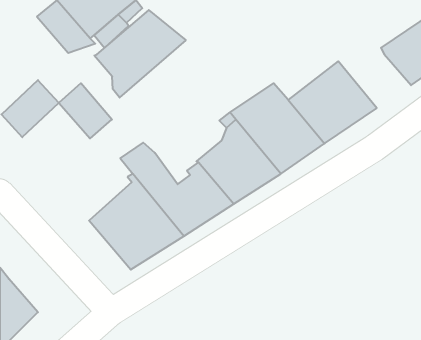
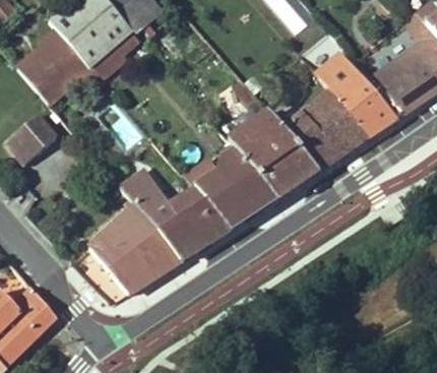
building: [94,10,186,98] -> none
building: none -> [316,53,402,135]
building: [59,83,112,138] -> [16,46,68,100]
building: none -> [10,285,56,334]

